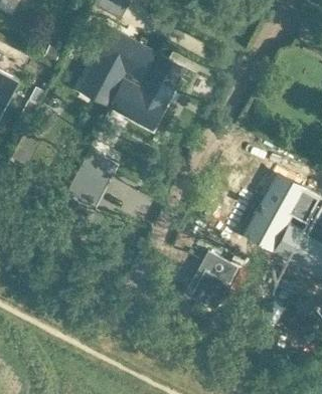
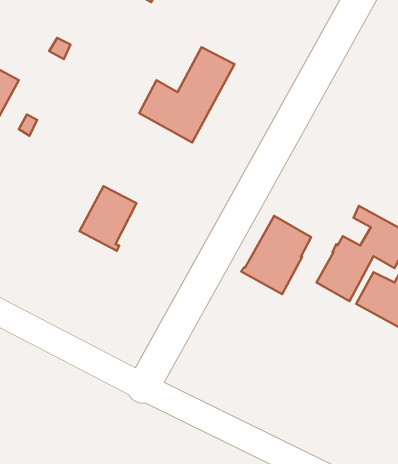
building: [82,30,154,102] -> none
building: [184,251,237,311] -> [241,216,311,294]

